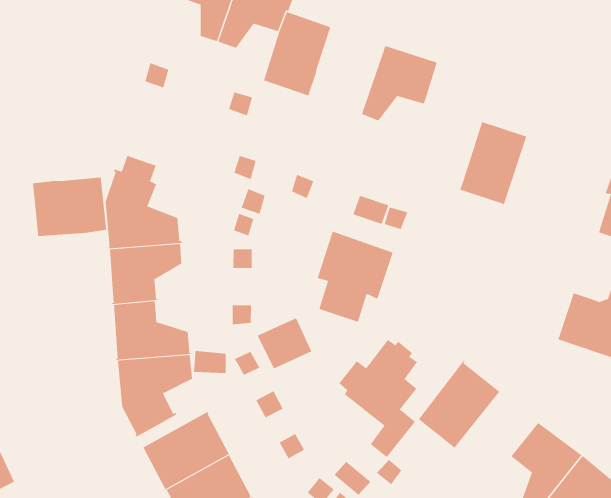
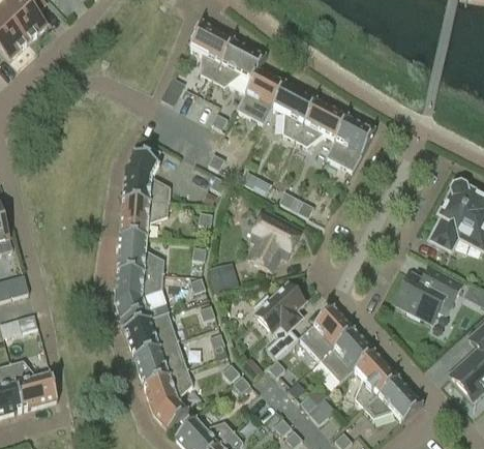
building: none -> [271,82,316,141]
building: [459,118,528,207] -> [326,115,374,173]
building: [33,177,107,237] -> none
building: none -> [319,328,374,383]

